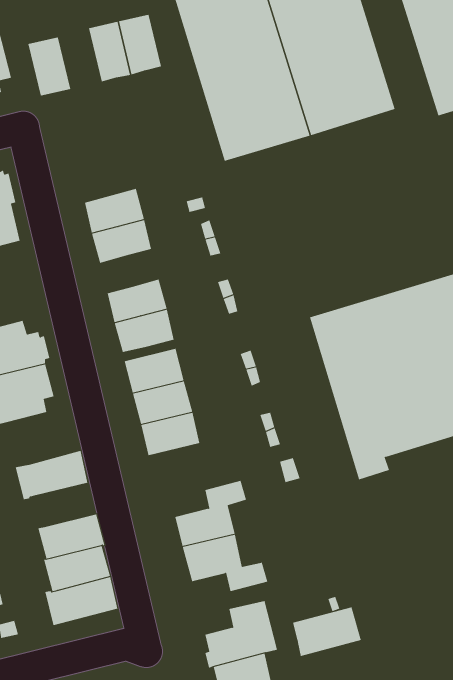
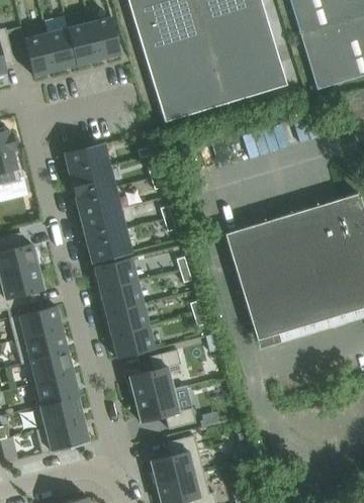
building: none -> [47,27,77,71]
building: none -> [76,185,118,216]
building: none -> [9,305,63,340]
building: none -> [110,323,154,357]
building: none -> [26,351,74,384]
building: [292,606,362,657] -> none

